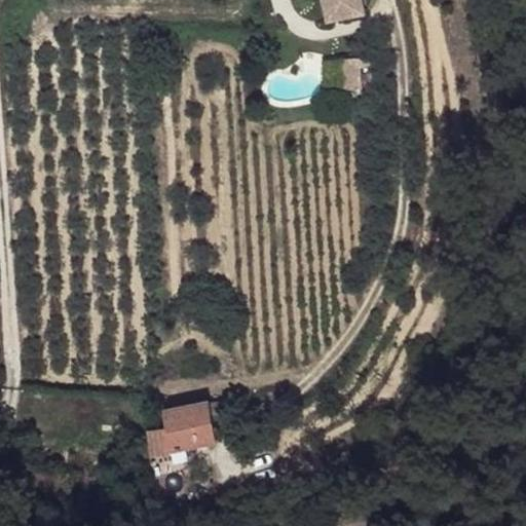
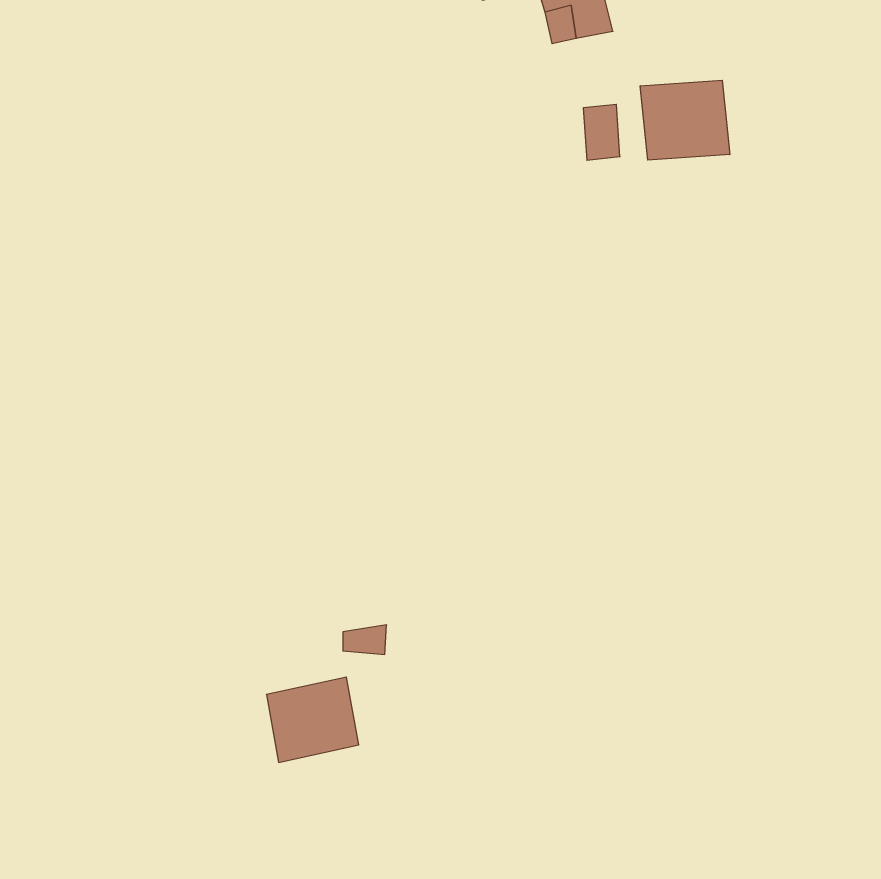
building: none -> [640,80,730,160]

